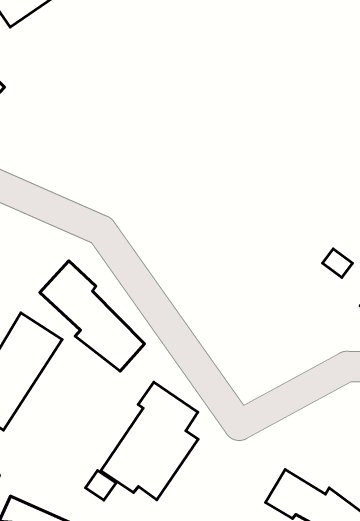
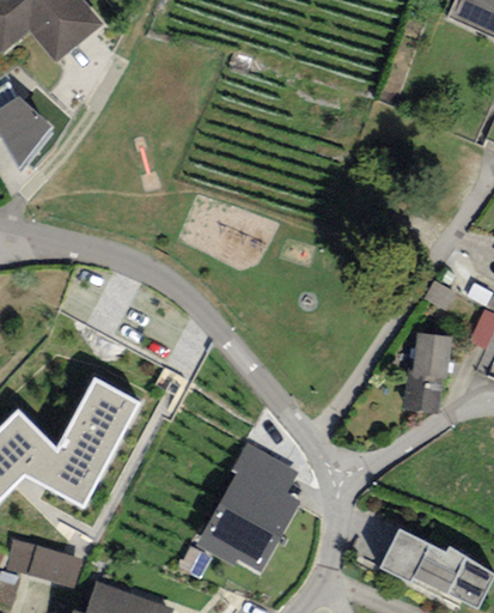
building: [40,261,145,371] -> none
building: none -> [402,332,451,413]

